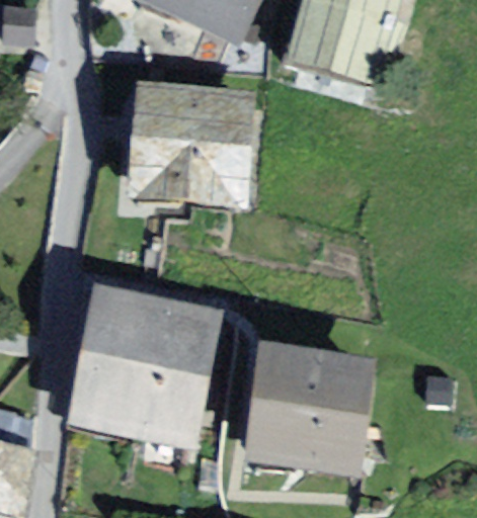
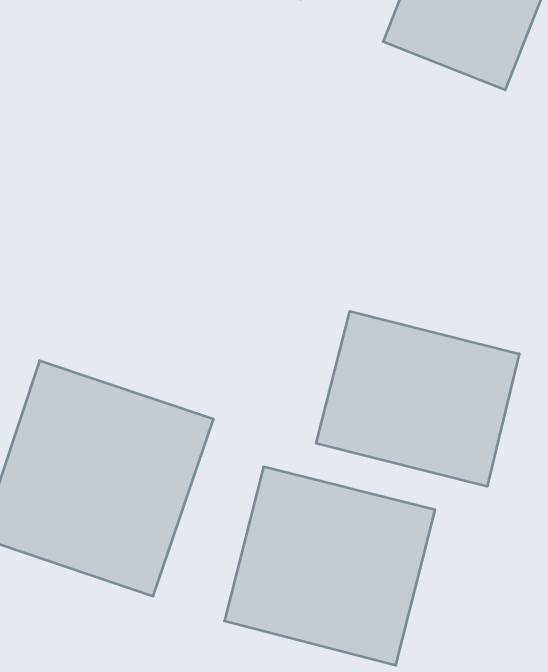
building: [132,100,241,190] -> none
building: none -> [316,311,519,486]

